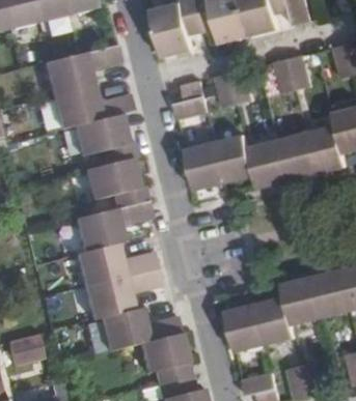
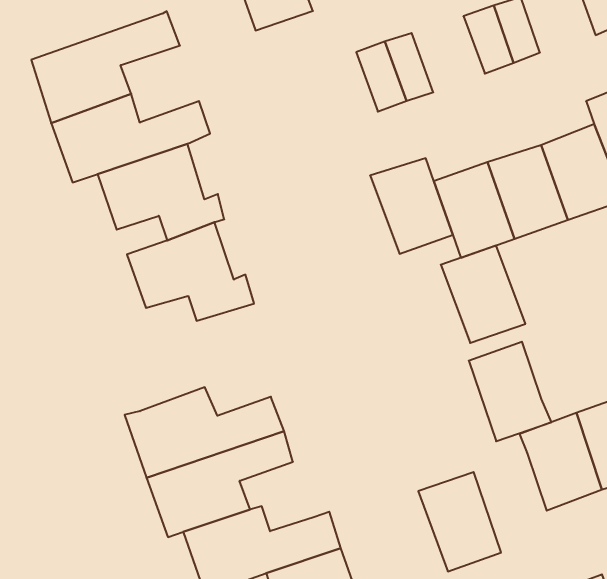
building: [175,79,210,118] -> none
building: [187,140,228,190] -> [441,246,525,343]
building: [76,201,153,252] -> none
building: [256,293,297,344] -> [469,342,552,441]

